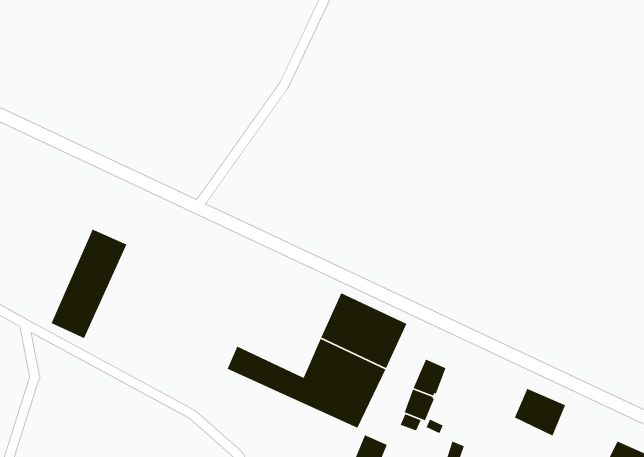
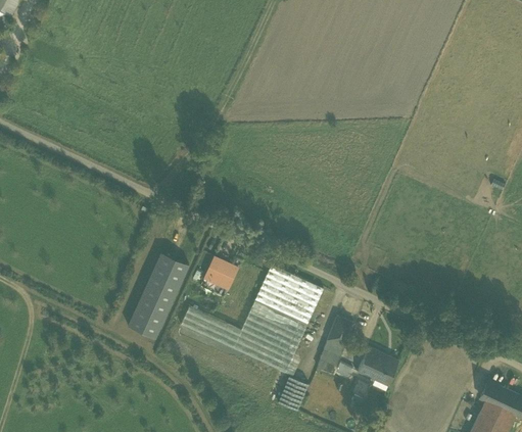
building: [51,229,127,339] -> [128,252,188,339]
building: none -> [205,258,236,288]
building: [514,388,566,436] -> [358,349,398,387]

